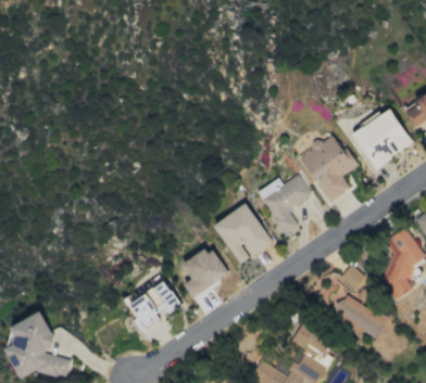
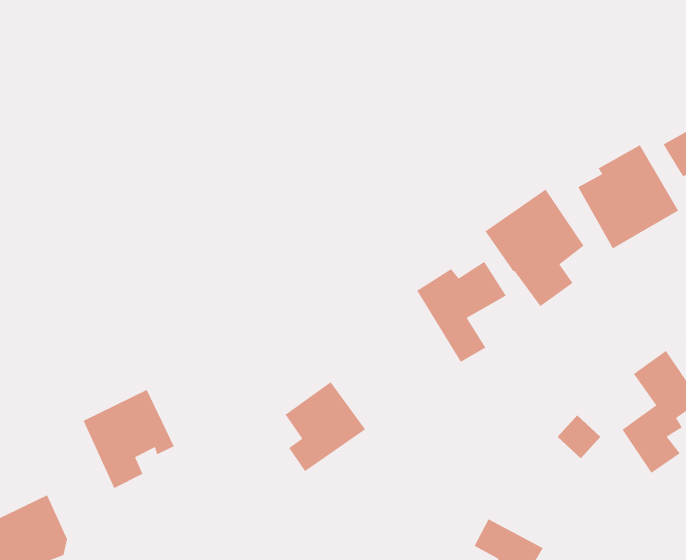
building: [213,203,272,265] -> none
building: [124,271,178,330] -> [82,389,175,489]
building: [330,293,387,342] -> none

